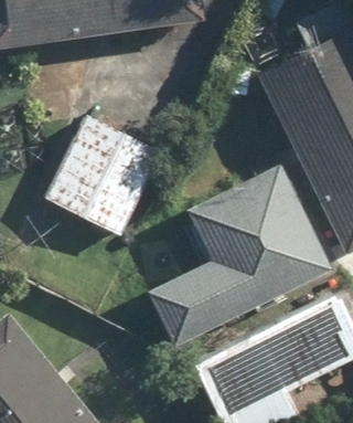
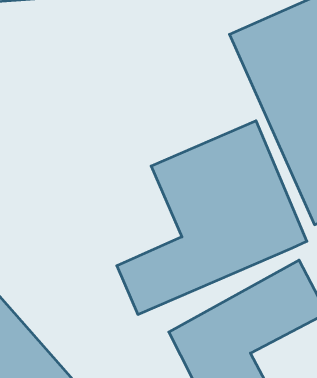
building: [42,112,168,243] -> none

